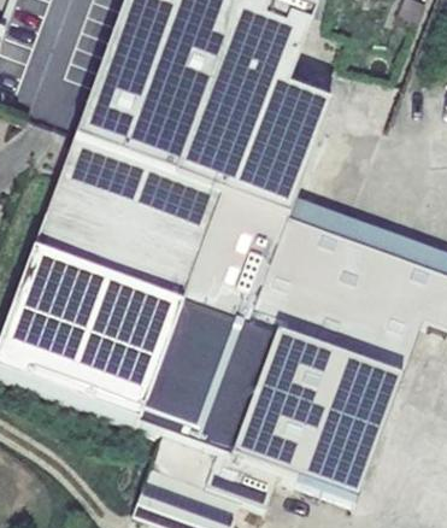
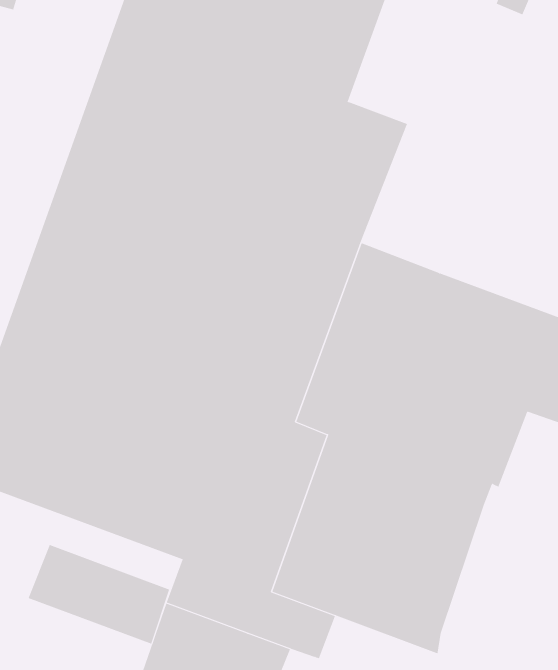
building: none -> [28,544,170,645]

